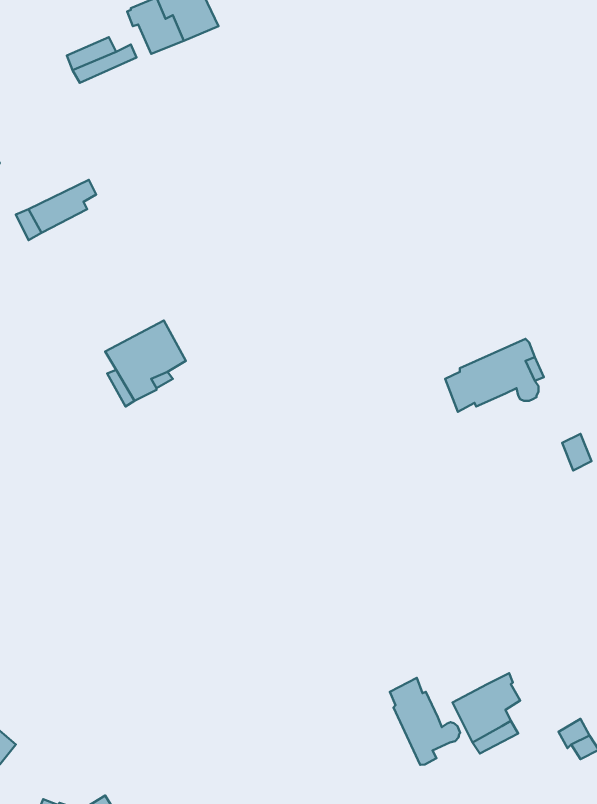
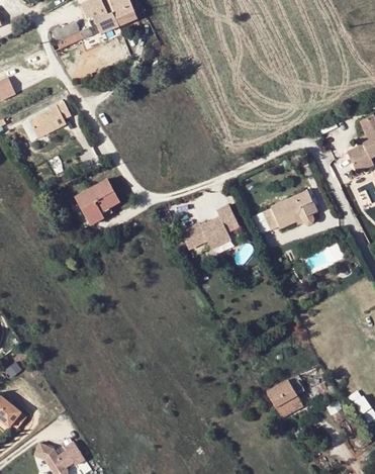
building: none -> [180,204,240,250]
building: [390,678,460,765] -> none

